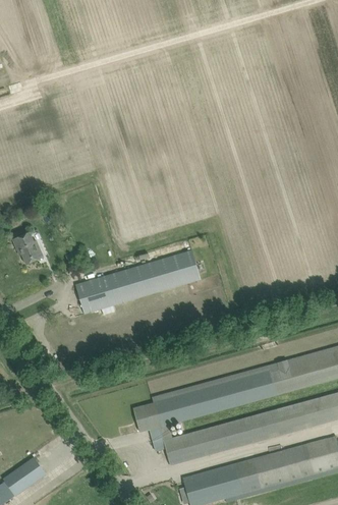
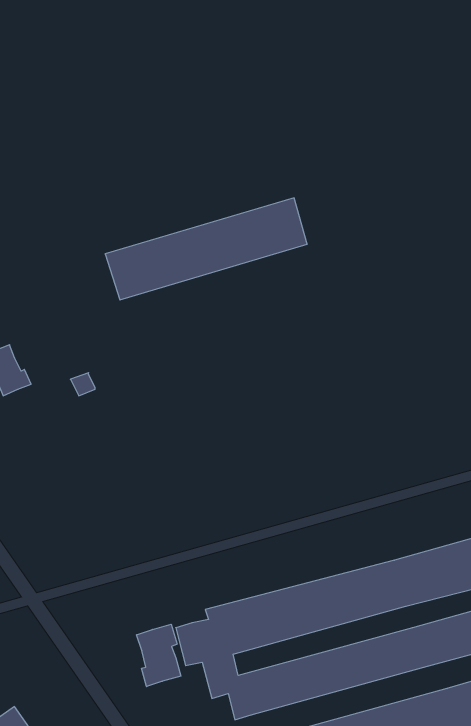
building: [74,250,200,314] -> [105,198,307,300]
building: none -> [137,624,181,687]

